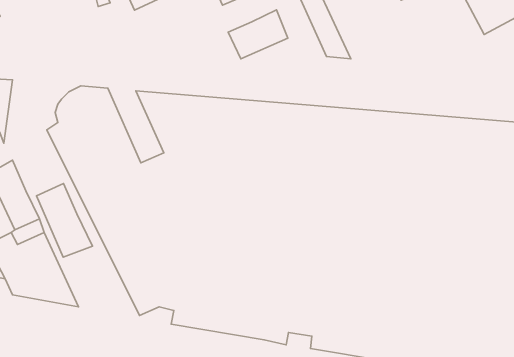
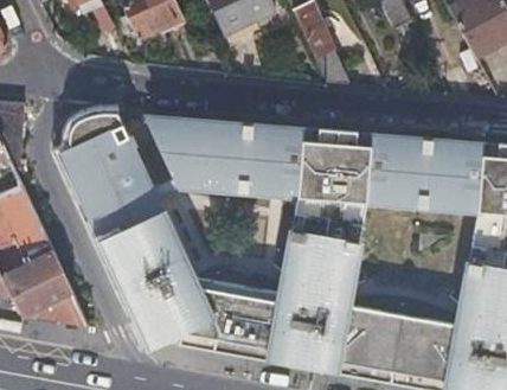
building: [228,10,288,59] -> none
building: [37,183,92,257] -> none

